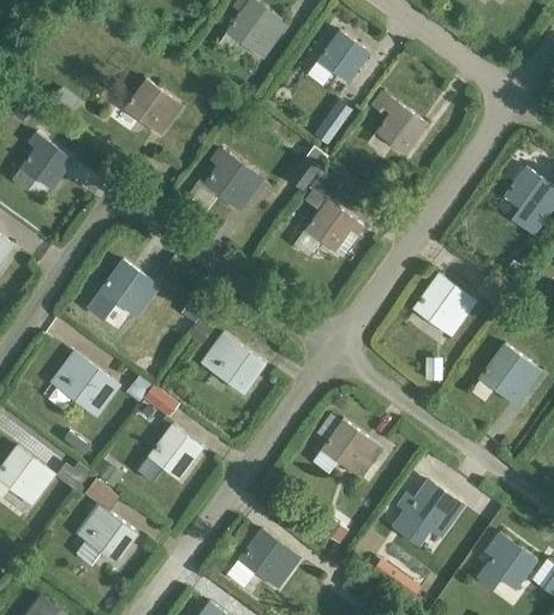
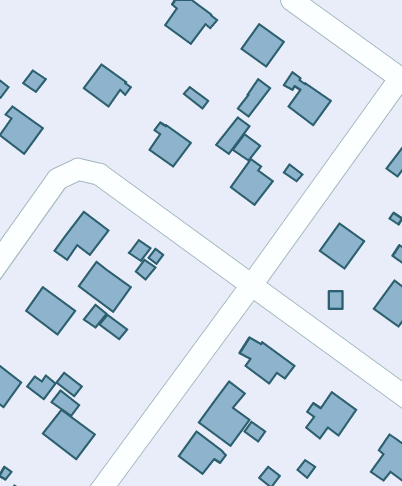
building: [202,333,266,394] -> [79,262,131,312]
building: [149,426,202,478] -> none
building: none -> [199,381,250,446]

